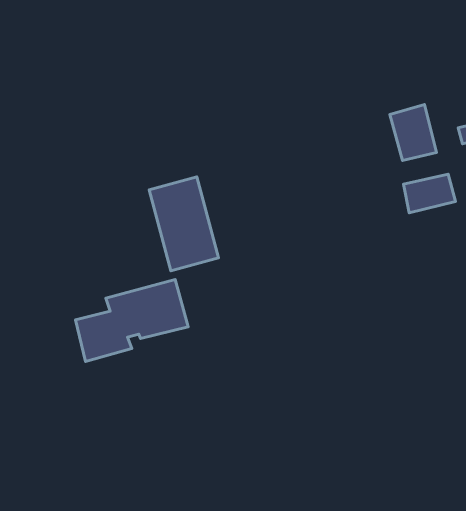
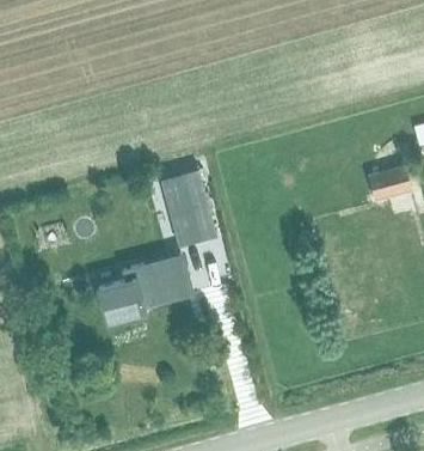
building: [390,104,437,160] -> none

